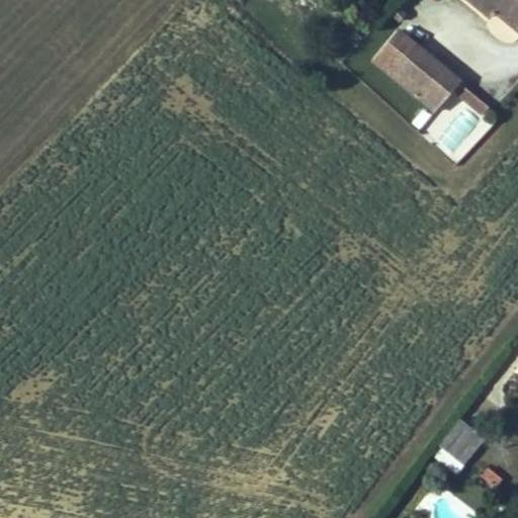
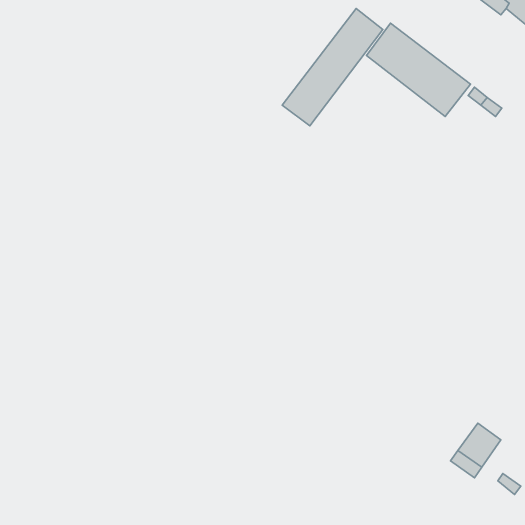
building: none -> [282,8,383,126]

